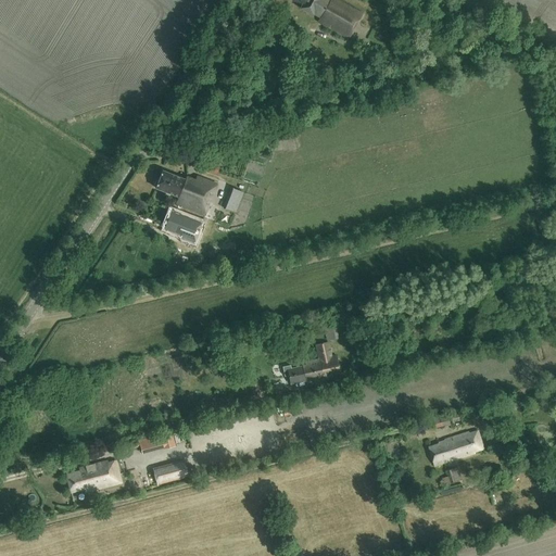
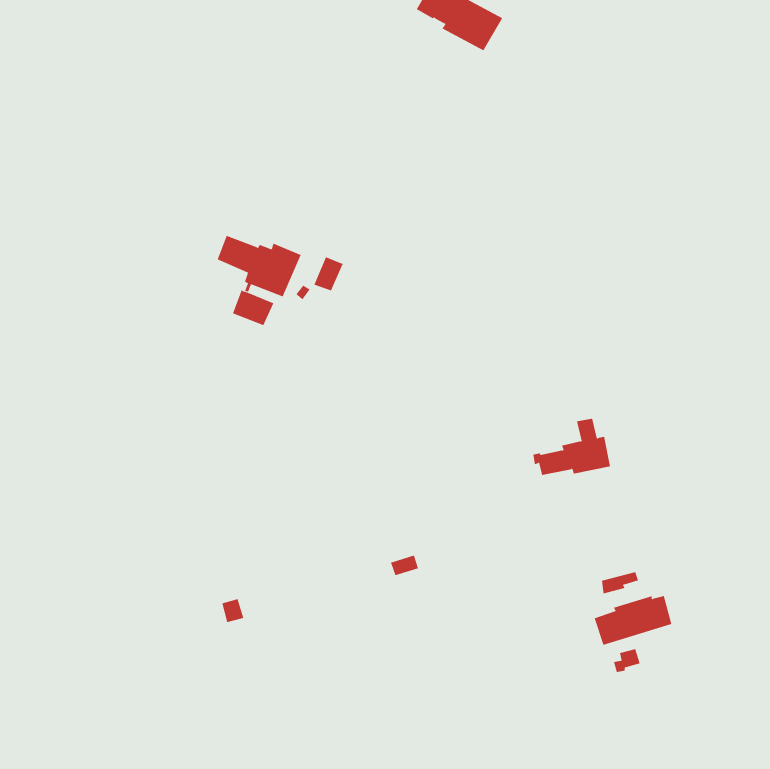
building: [285,341,341,382] -> [533,418,611,476]
building: [153,458,189,484] -> none
building: [67,459,122,491] -> none

